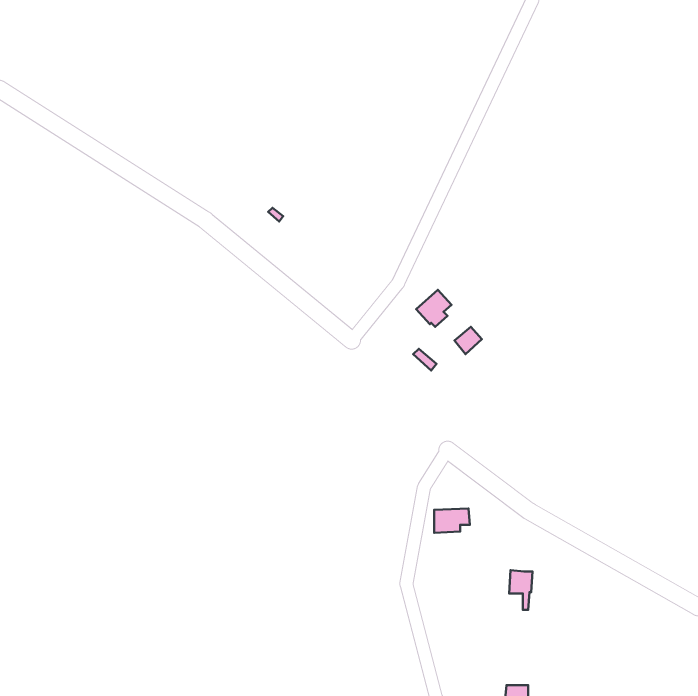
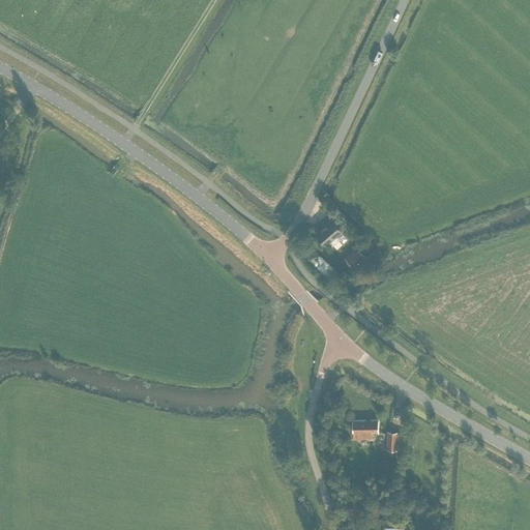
building: [434,508,470,533] -> [351,422,378,441]

